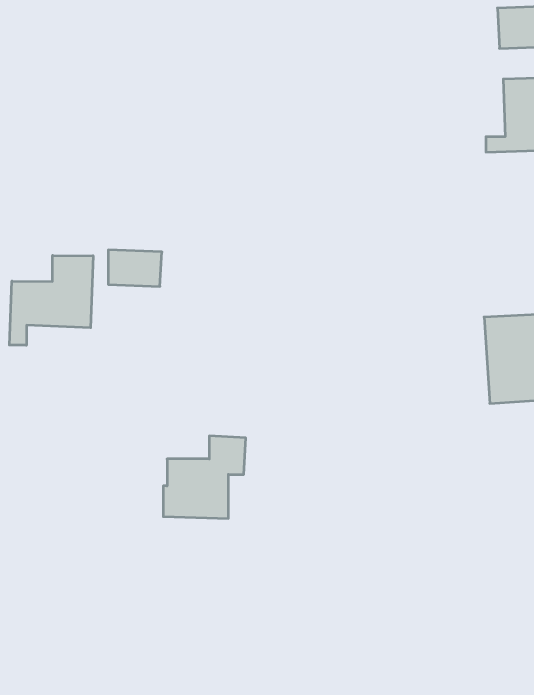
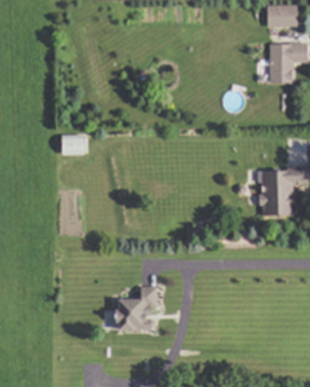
building: [9,255,93,345] -> none
building: [163,436,246,518] -> [113,287,157,331]

